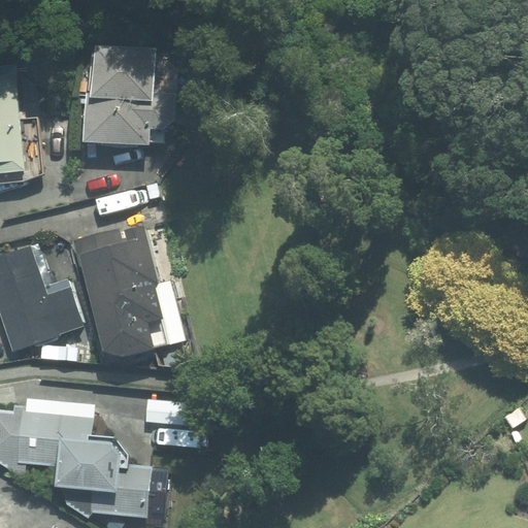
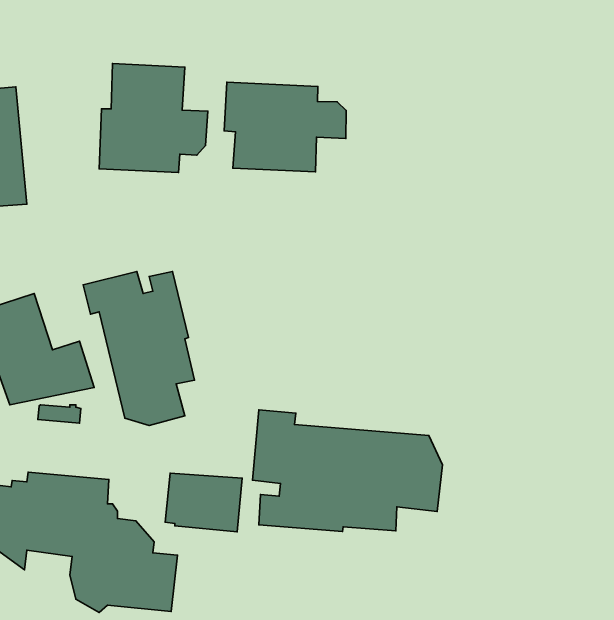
building: none -> [224,82,346,172]
building: none -> [252,410,442,532]

